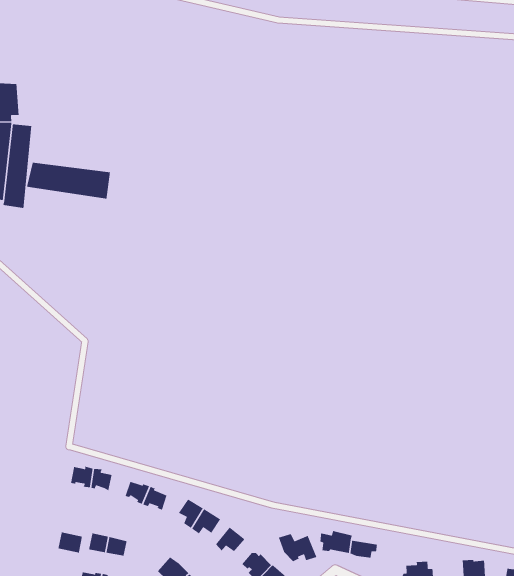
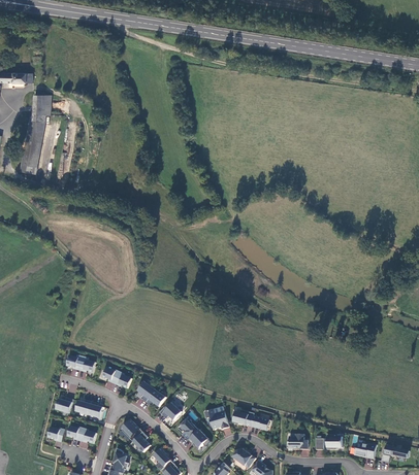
building: [26,162,111,200] -> none

